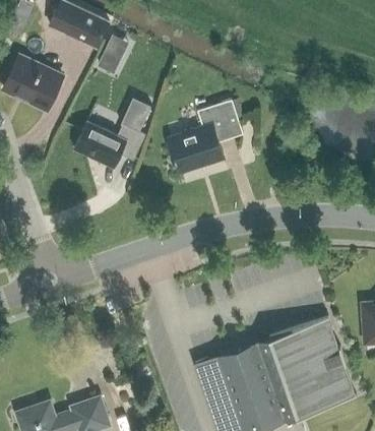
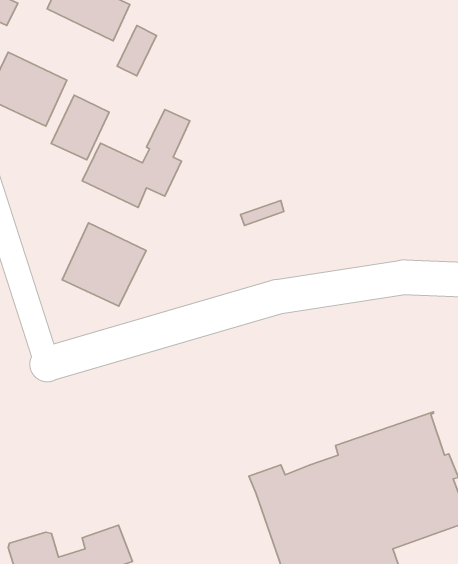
building: none -> [51,95,109,160]
building: [168,100,243,171] -> none
building: none -> [62,223,146,306]

